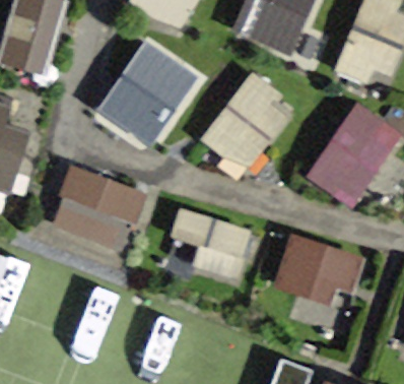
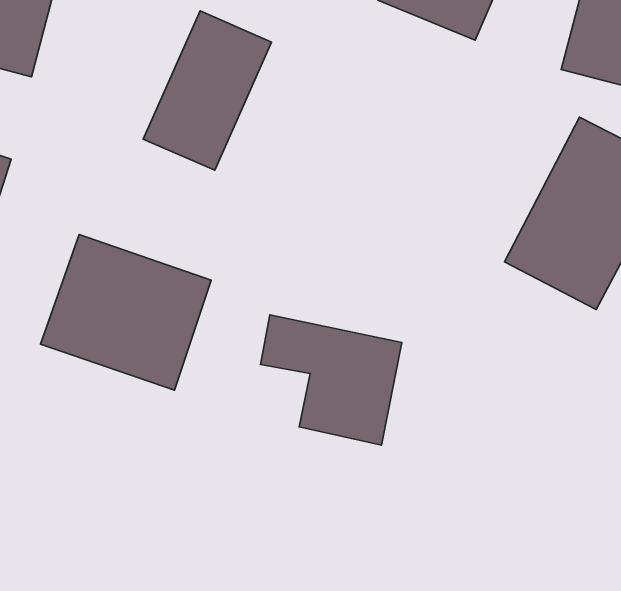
building: [200,72,296,175] -> none
building: [273,234,361,304] -> none

